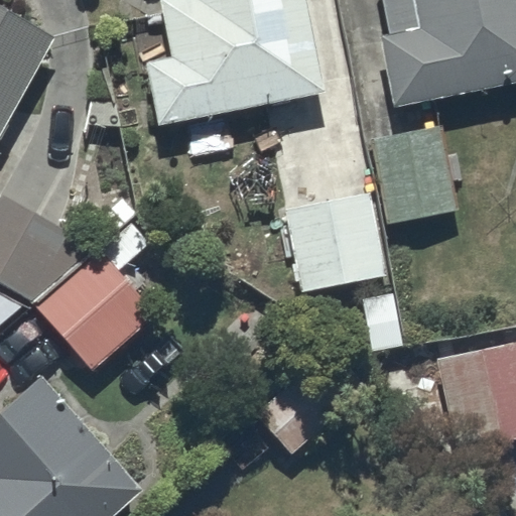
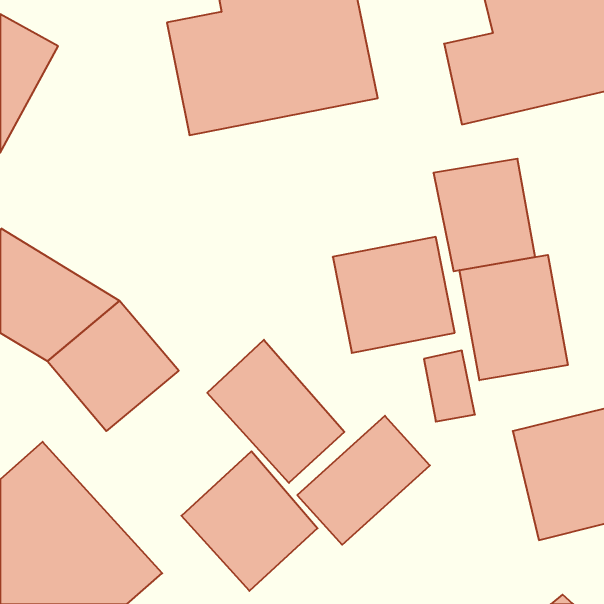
building: none -> [460,255,568,380]
building: none -> [207,340,344,483]
building: none -> [181,451,318,591]

